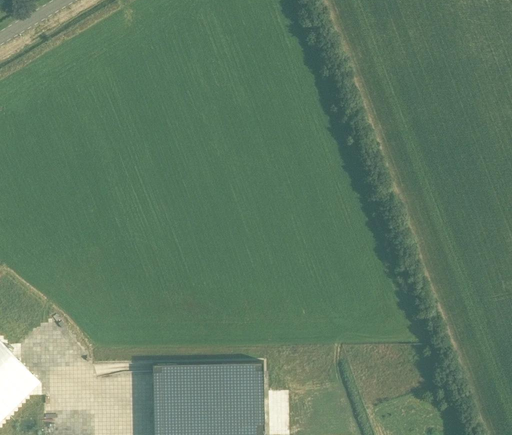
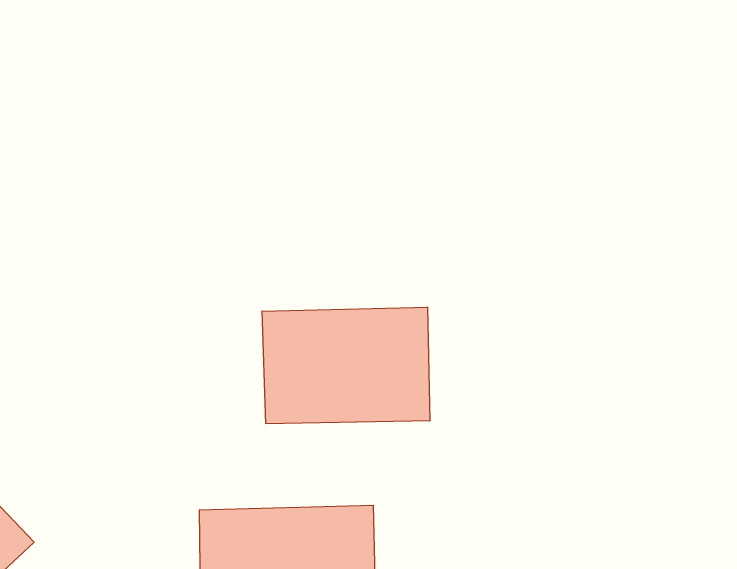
building: none -> [262,307,430,424]

